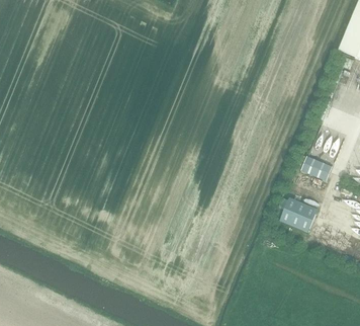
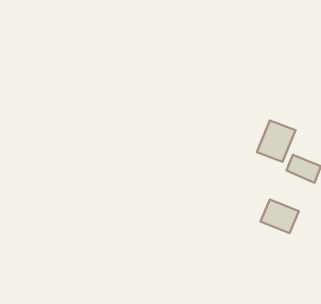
building: none -> [257,121,295,162]

